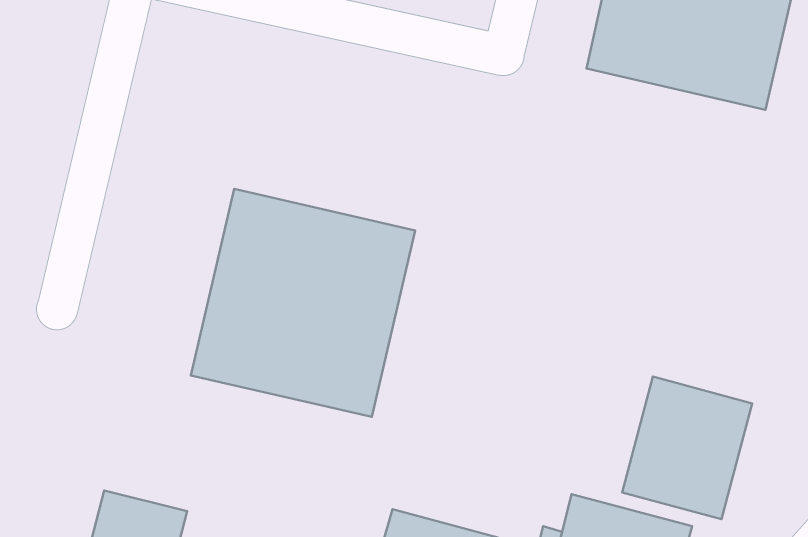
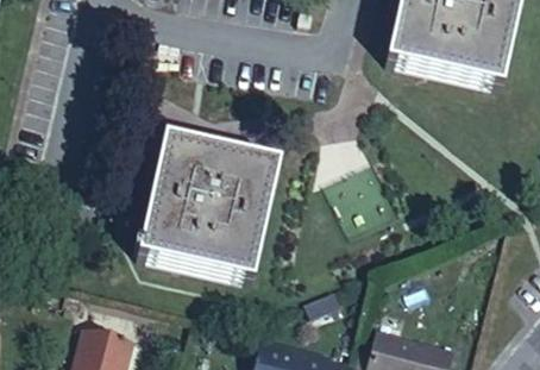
building: [622,377,752,519] -> none

